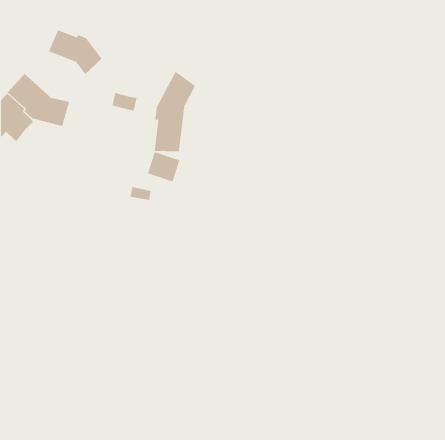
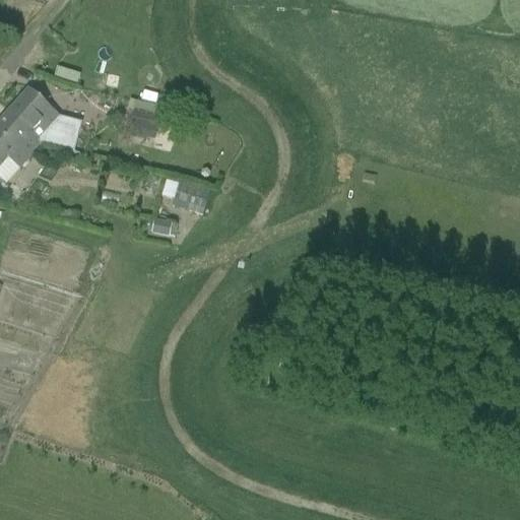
building: [48,30,102,75] -> none
building: [154,71,196,152] -> none

